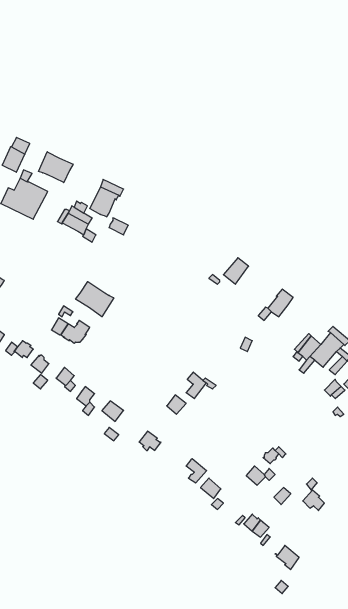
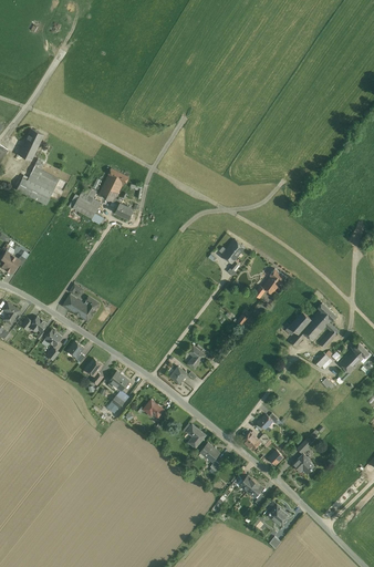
building: [38,152,73,183] -> none
building: [76,282,114,317] -> none

